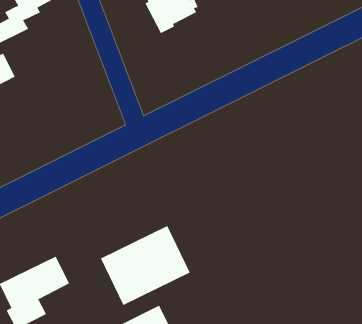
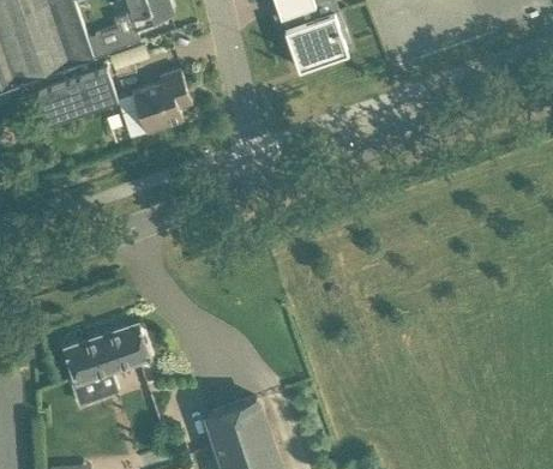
building: none -> [120,71,191,139]
building: [100,225,191,306] -> none

